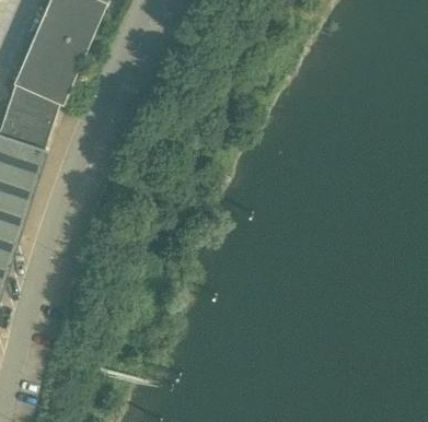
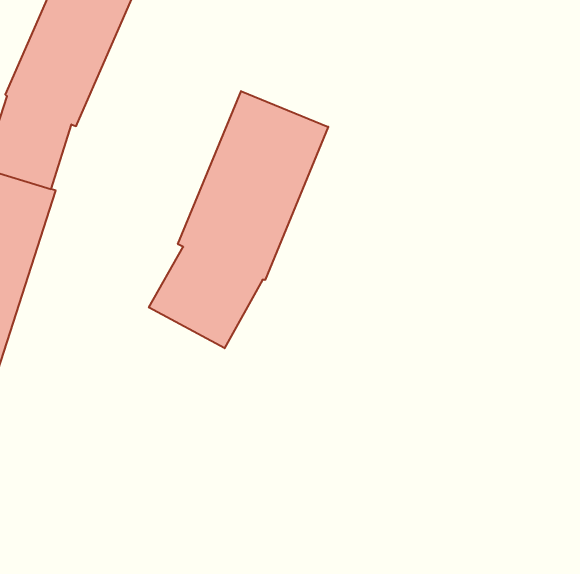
building: none -> [149,91,328,348]

